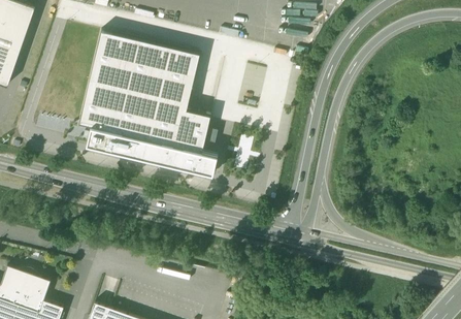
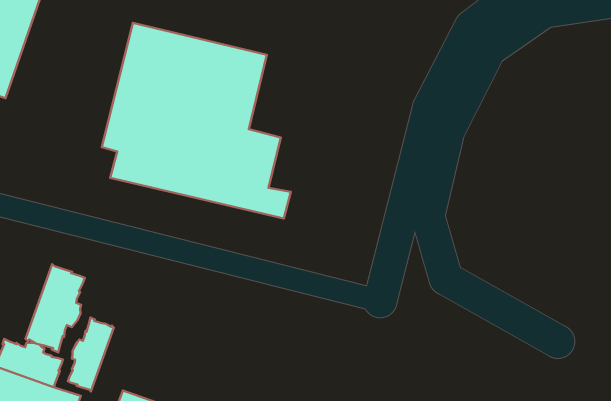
building: none -> [25,264,85,353]
building: none -> [68,317,114,391]

